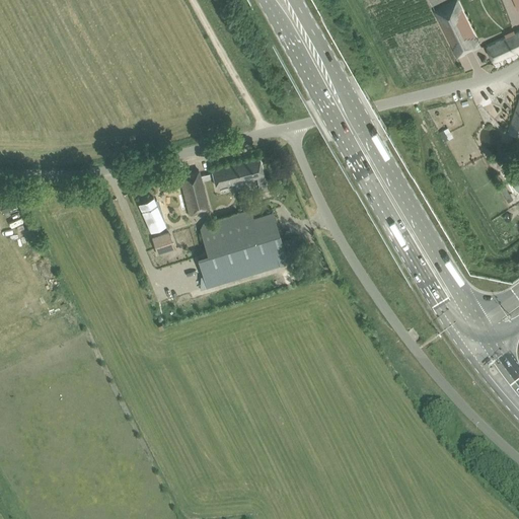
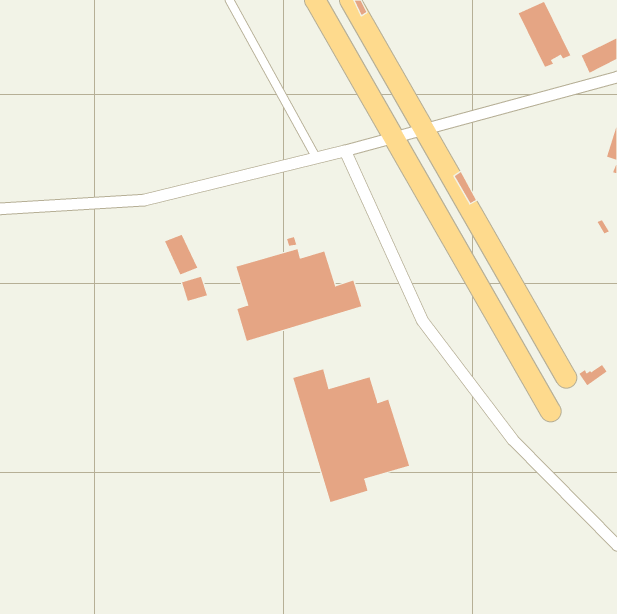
building: [212,157,264,192] -> none
building: [179,171,207,216] -> none
building: none -> [292,369,410,503]

